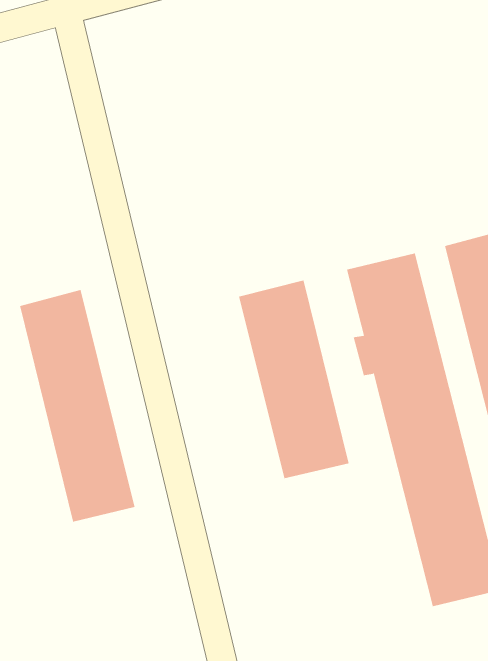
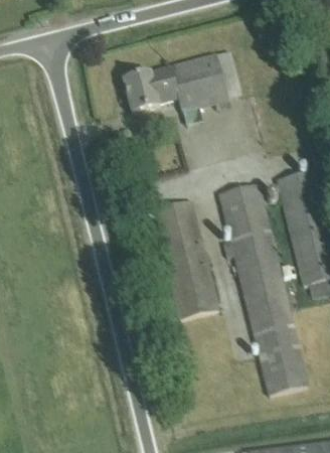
building: none -> [124,52,231,112]
building: [19,289,135,522] -> none

